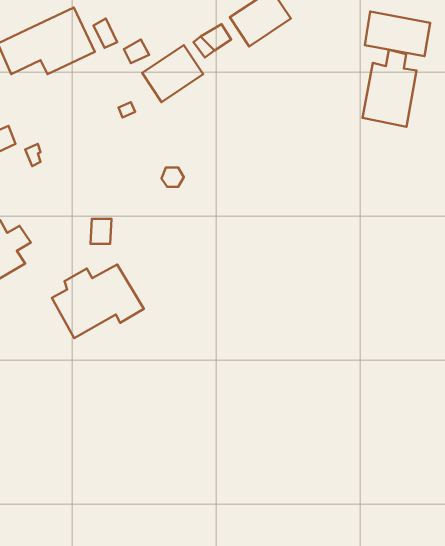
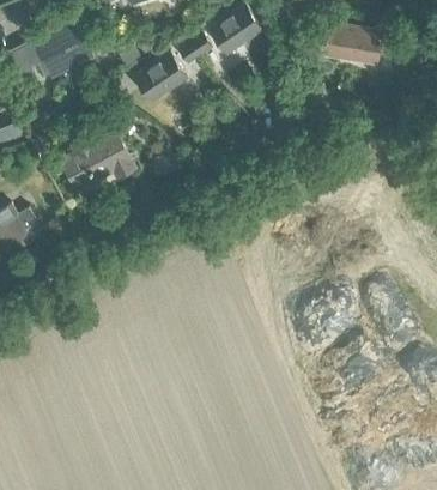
building: [363,50,416,127] -> none
building: [52,264,144,338] -> [59,132,138,195]

